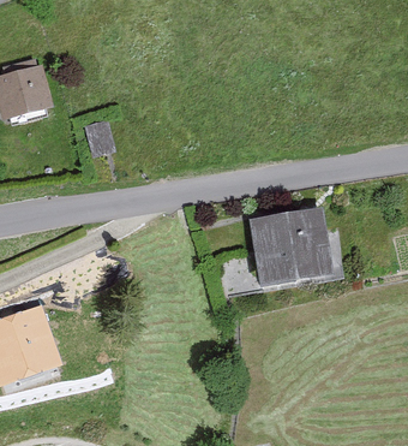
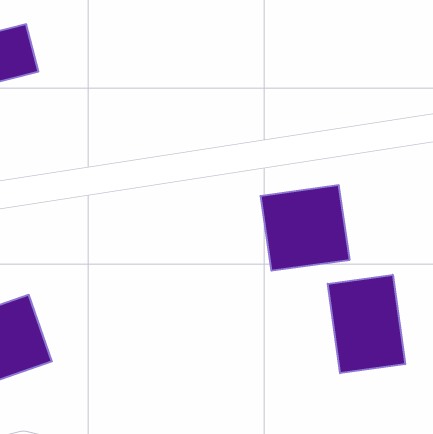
building: none -> [328,275,405,373]

